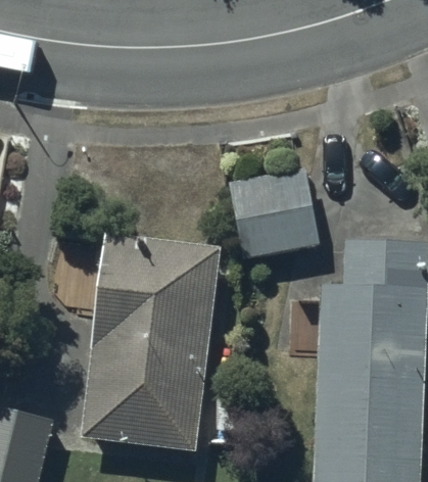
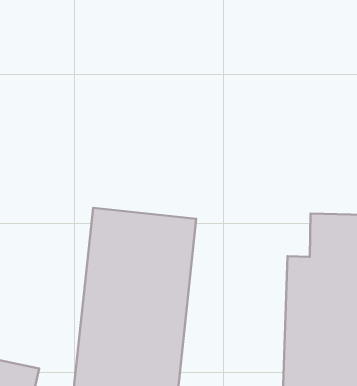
building: [228,170,320,257] -> none

